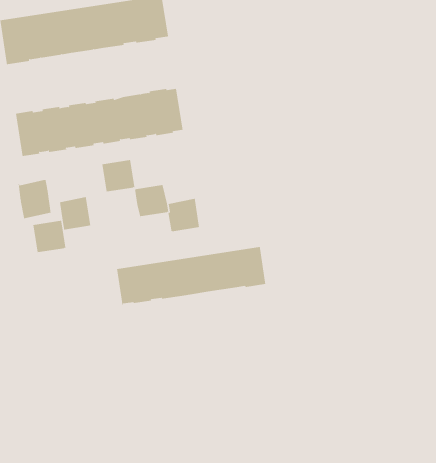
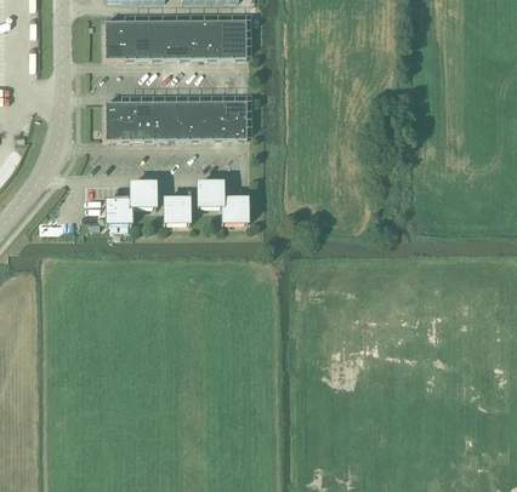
building: [102,160,135,193] -> [164,199,189,224]
building: [18,179,51,219] -> none
building: [116,246,266,306] -> none

